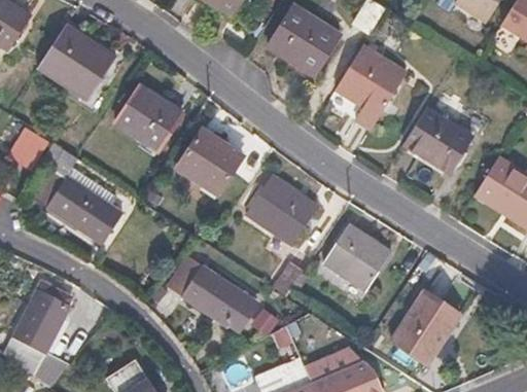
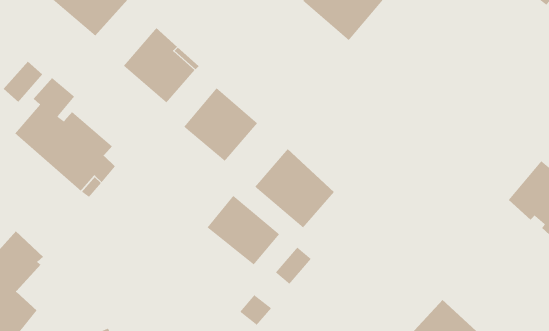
building: [333,44,405,128] -> none
building: [401,107,470,171] -> none
building: [326,227,392,292] -> none
building: [176,262,242,322] -> [206,195,280,265]

